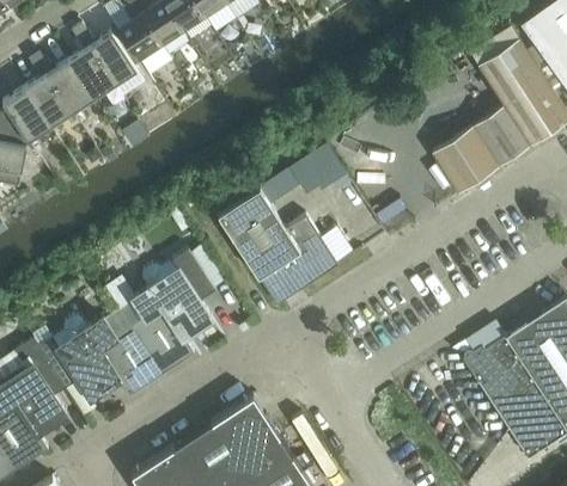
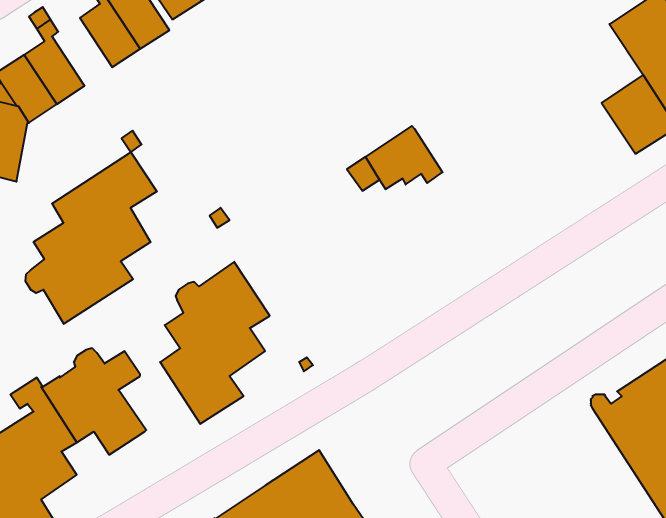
building: [47,61,93,113] -> none
building: [432,127,499,192] -> none
building: none -> [25,152,157,324]
building: [219,190,339,306] -> none
building: [98,327,161,396] -> none

